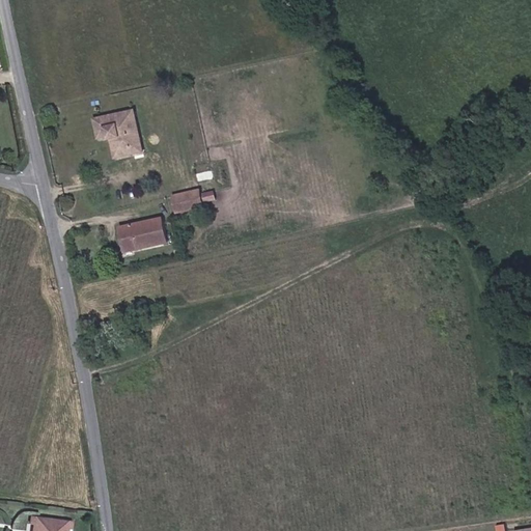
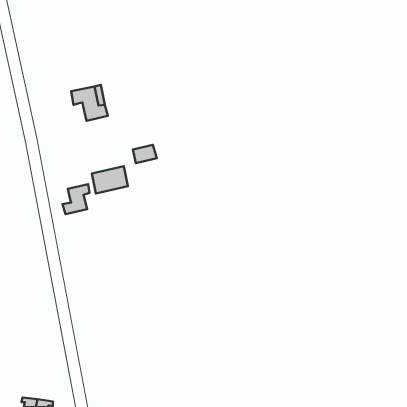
building: none -> [63,184,89,214]

